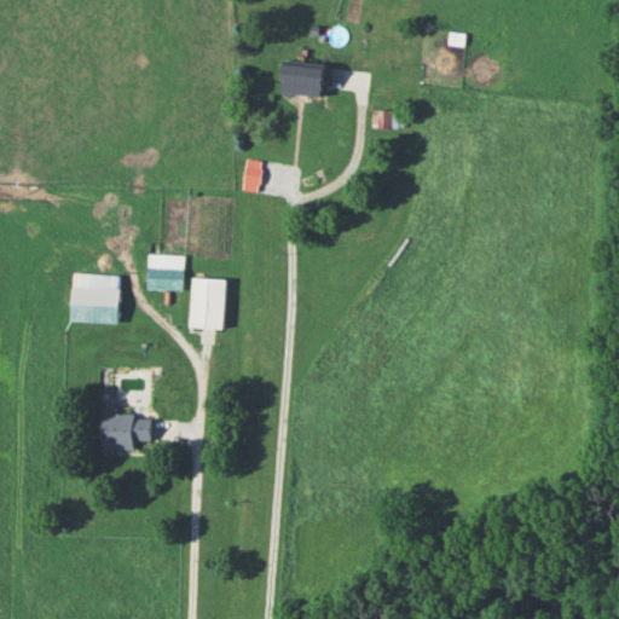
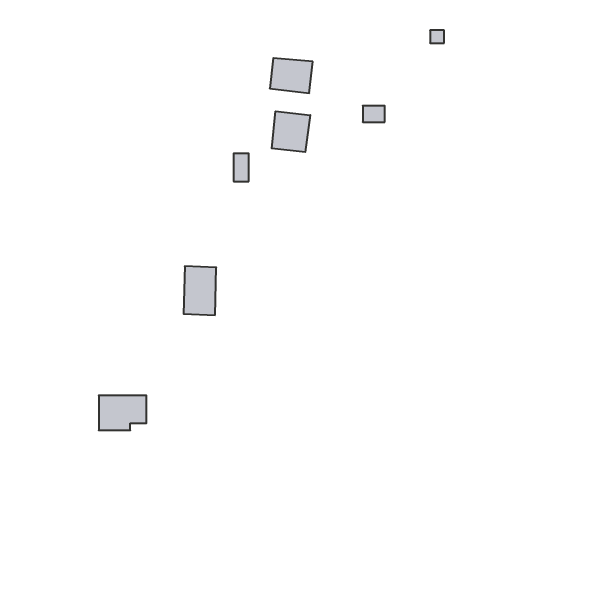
building: none -> [272,111,310,152]
building: [147,255,183,290] -> none
building: [71,274,120,323] -> none

